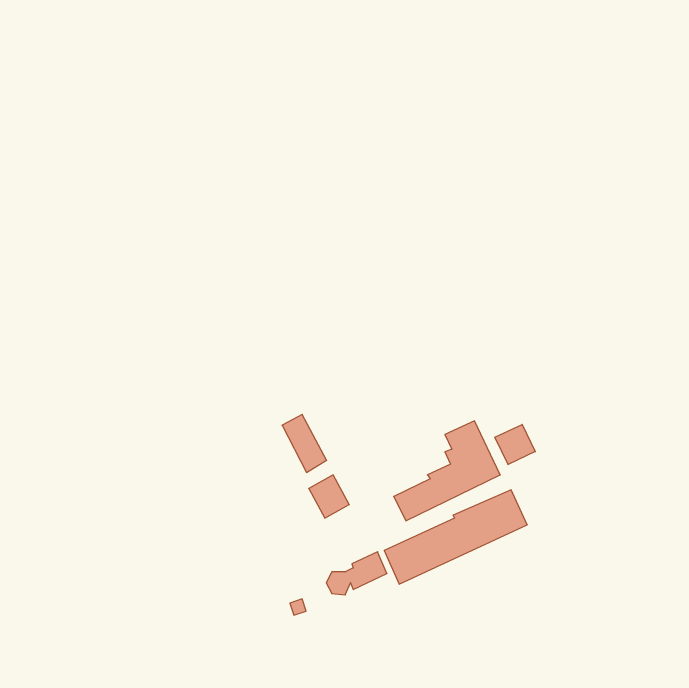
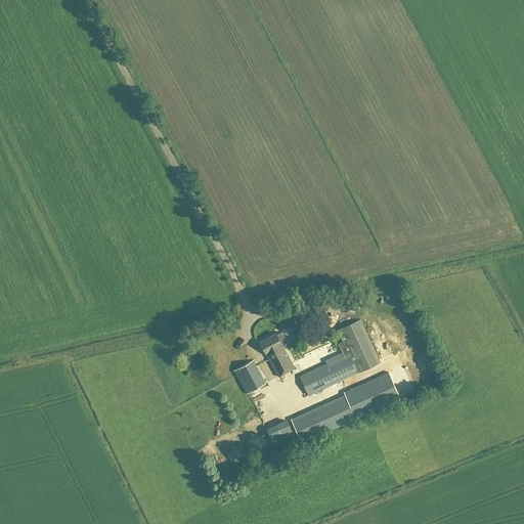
building: [282,414,327,472] -> [260,333,294,377]
building: [495,424,535,465] -> none

